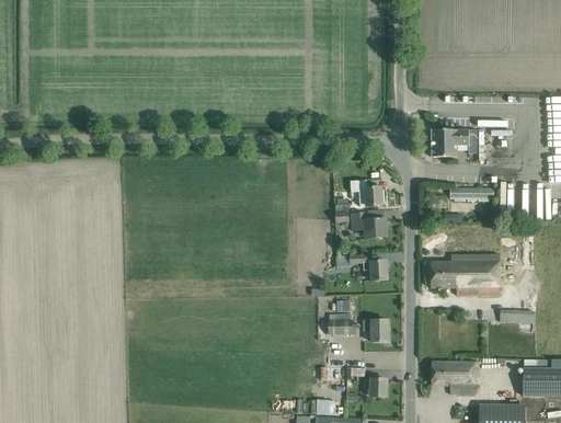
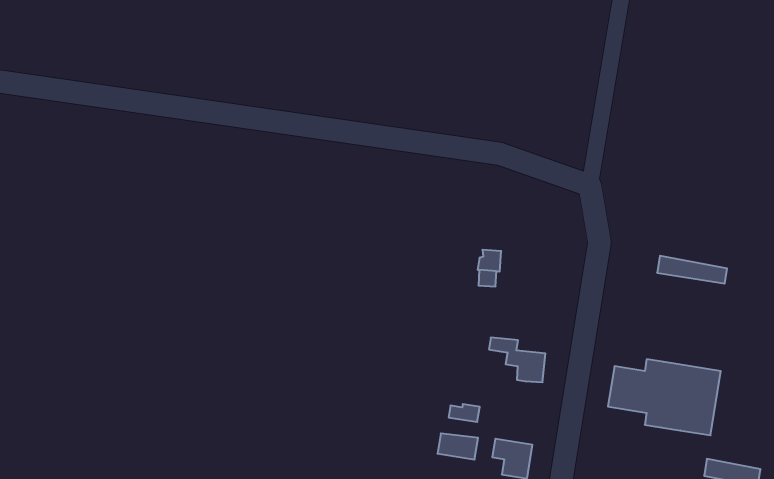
building: [432,128,477,157] -> none
building: [351,179,385,206] -> none
building: [352,213,387,238] -> none

